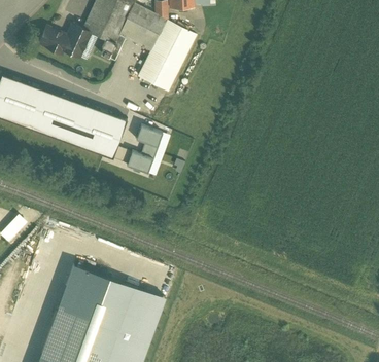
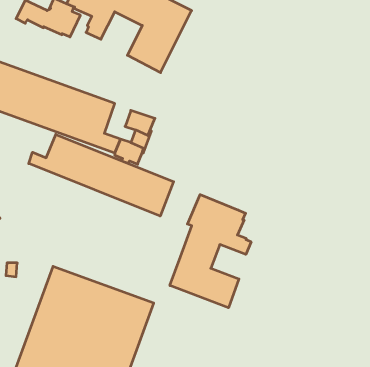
building: none -> [29,134,174,216]
building: none -> [170,195,251,308]

